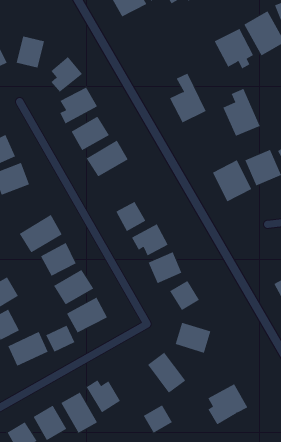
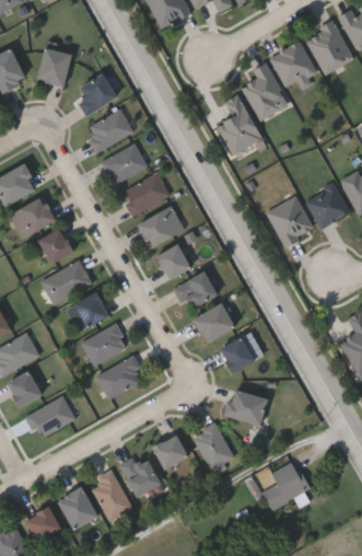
building: [223,88,261,136] -> [244,62,289,119]
building: none -> [137,207,184,247]
building: none -> [37,230,71,266]
building: [46,325,75,353] -> none
building: [143,405,173,433] -> [152,433,187,467]

